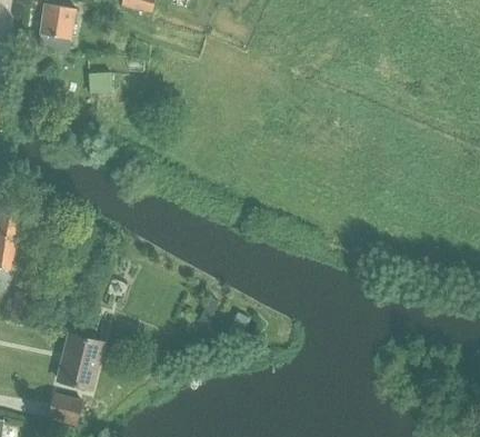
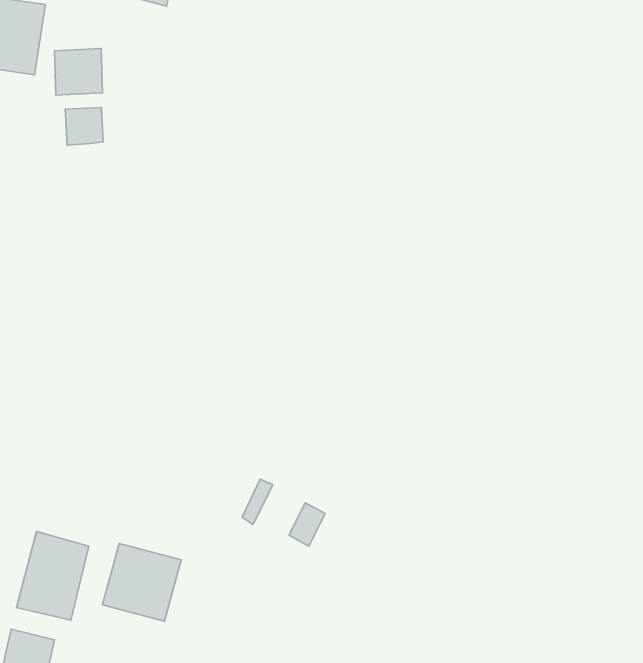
building: none -> [55,49,102,95]
building: none -> [102,544,181,621]

